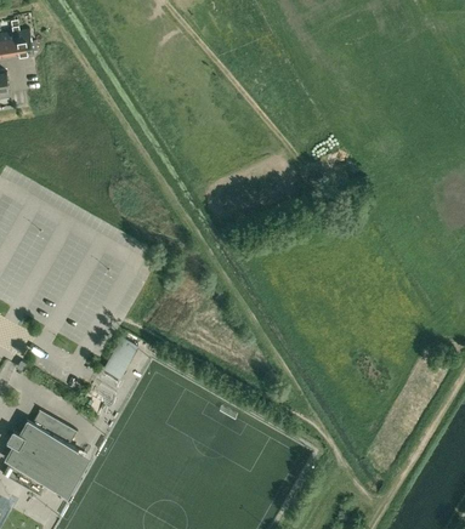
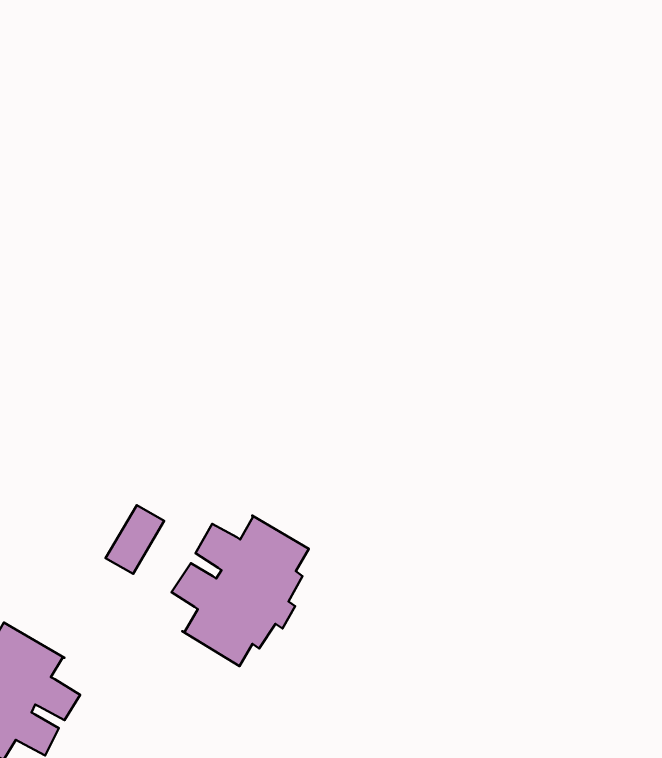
building: none -> [172,515,309,666]

